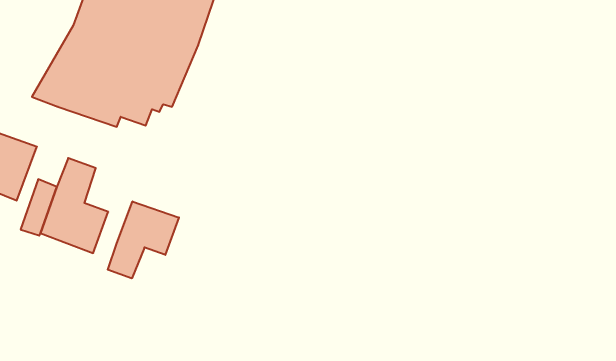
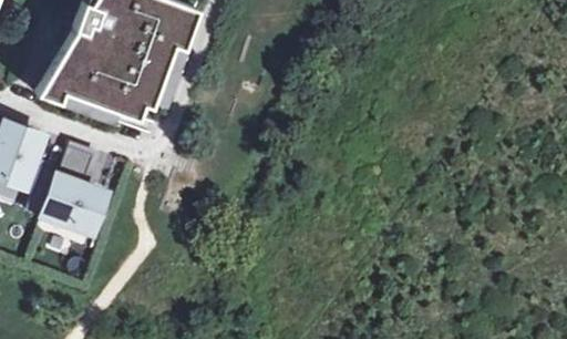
building: [108,201,179,278] -> none

